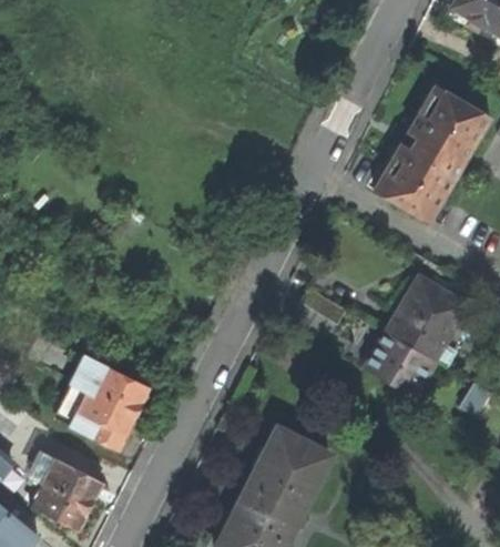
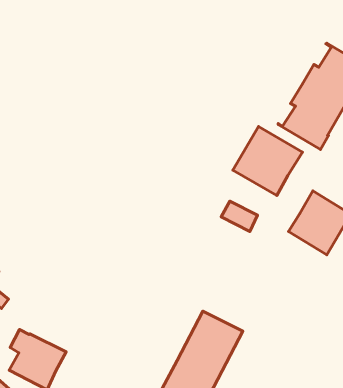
building: none -> [233,127,303,195]
building: [364,331,442,396] -> none
building: [54,354,150,447] -> none

